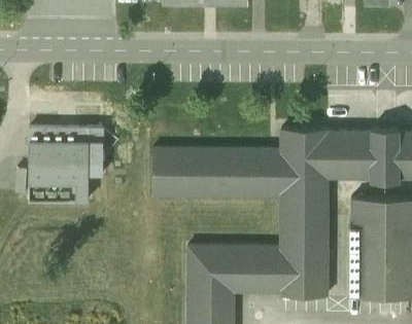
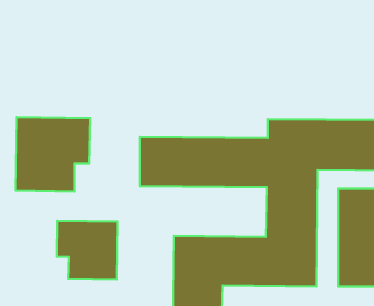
building: none -> [57,221,118,279]

